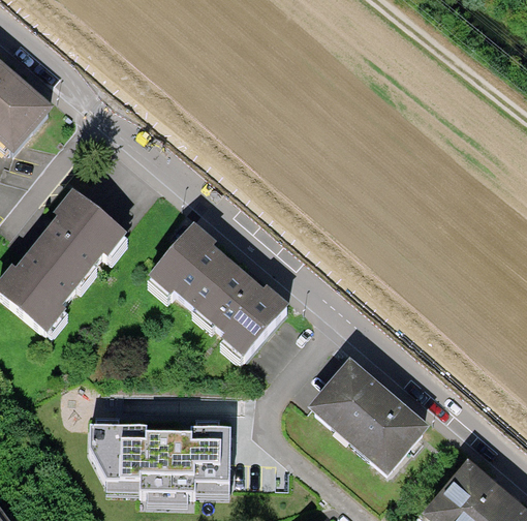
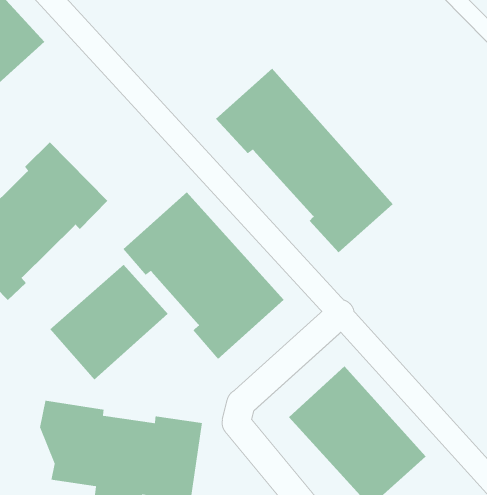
building: none -> [215,68,393,253]
building: none -> [49,264,168,380]

